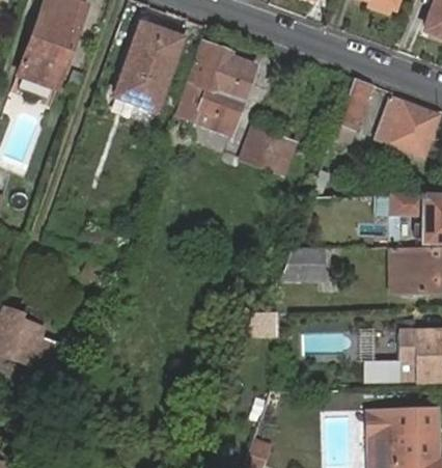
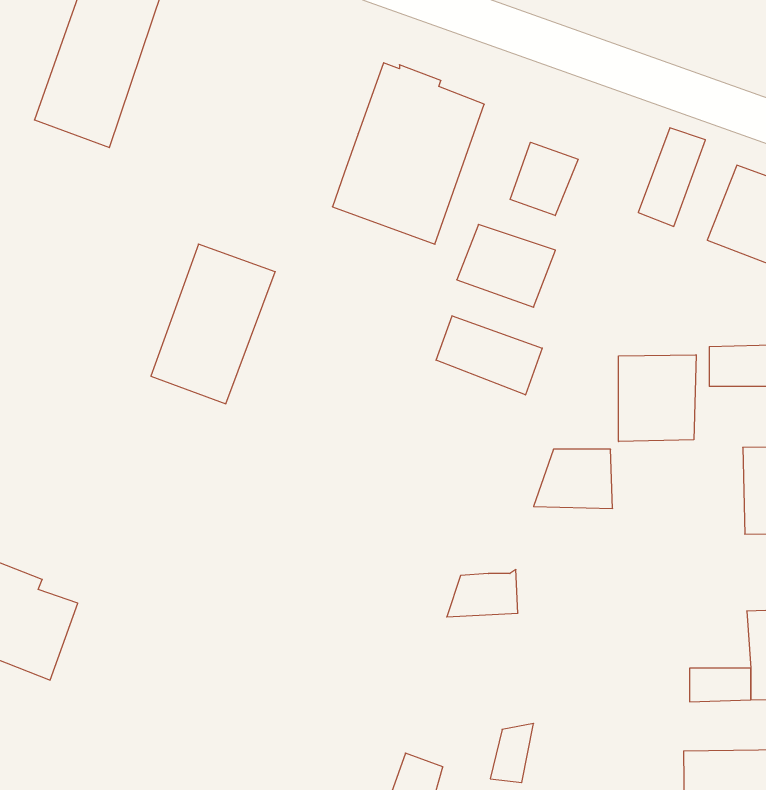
building: [115,24,181,108] -> [151,244,275,404]
building: none -> [510,142,578,216]
building: none -> [436,316,542,395]
building: none -> [619,355,696,442]

